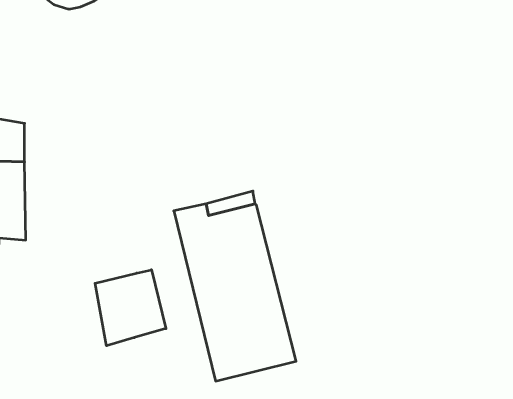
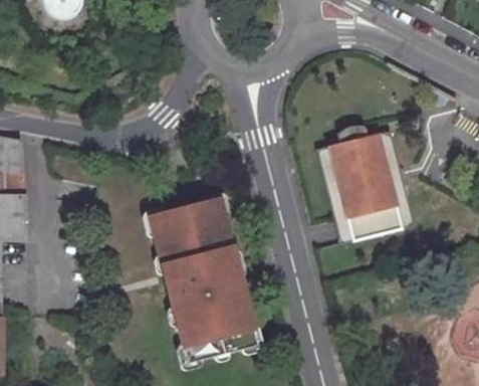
building: none -> [319,122,414,239]
building: [95,270,166,346] -> none

